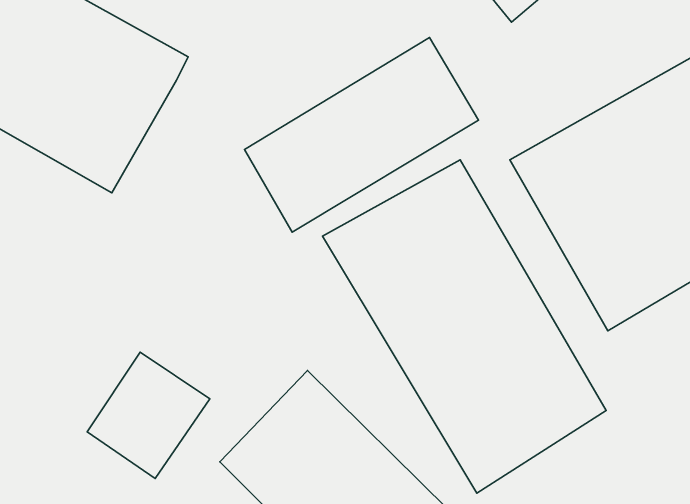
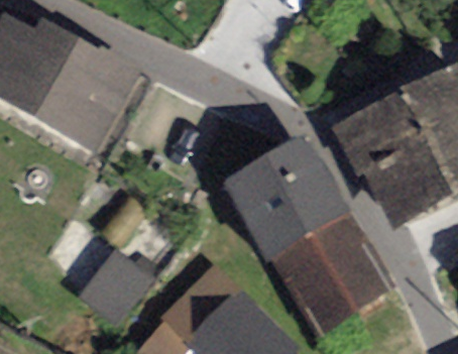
building: [245,37,479,232] -> none

